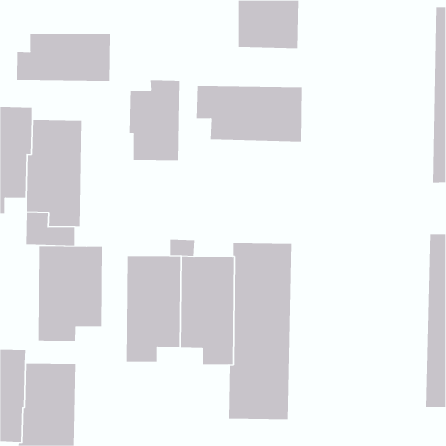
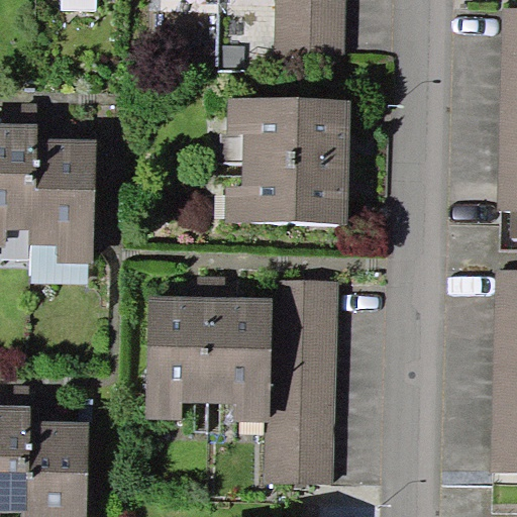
building: [17,33,111,82] -> none
building: [129,79,180,161] -> none
building: none -> [224,162,348,224]
building: [38,246,102,342] -> none

